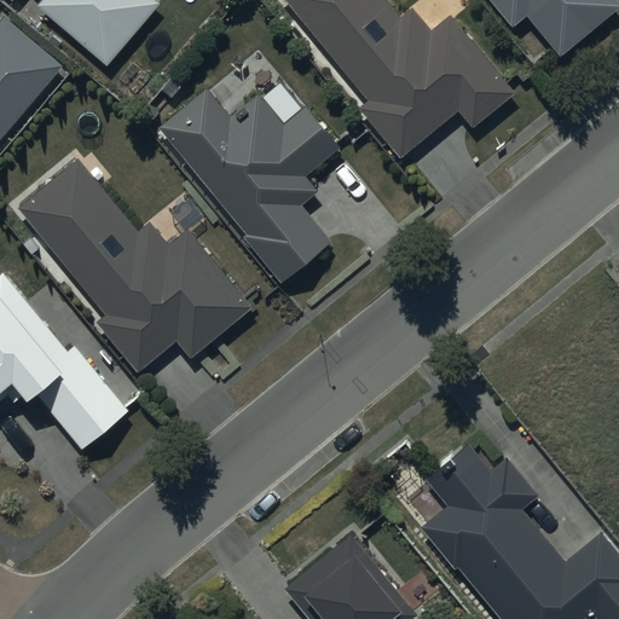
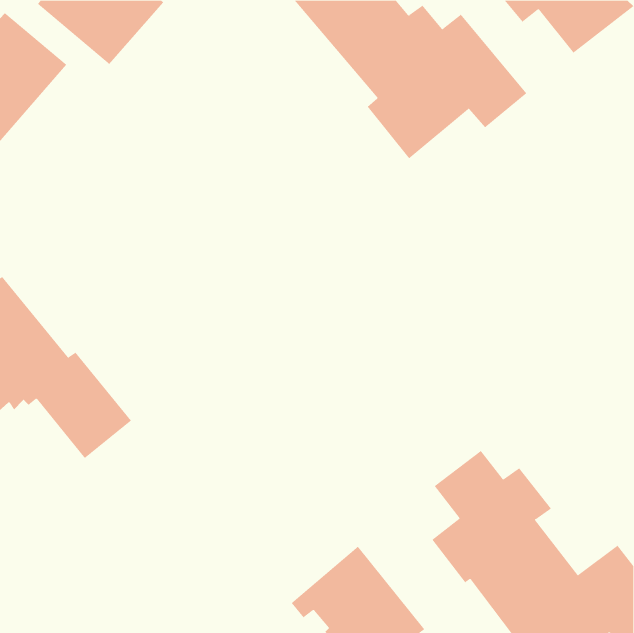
building: [158,88,340,282] -> none
building: [18,160,250,370] -> none

